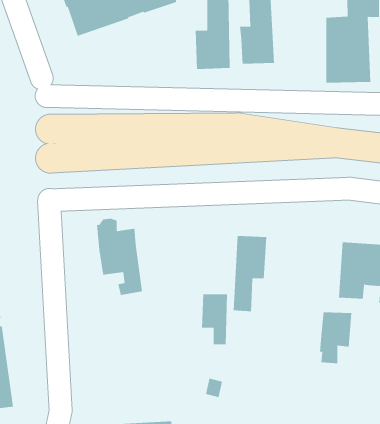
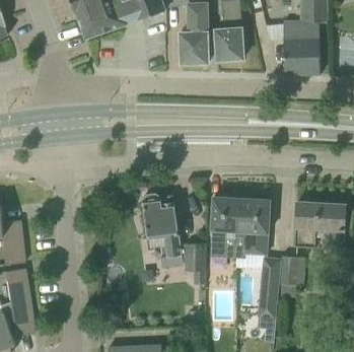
building: [96,218,143,295] -> [143,193,181,255]
building: none -> [235,197,270,254]
building: none -> [257,274,280,316]

